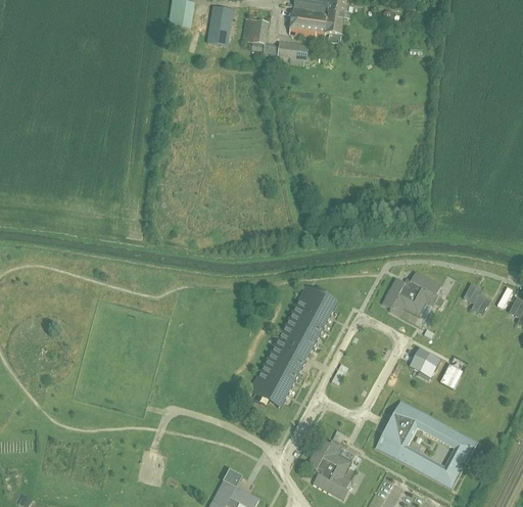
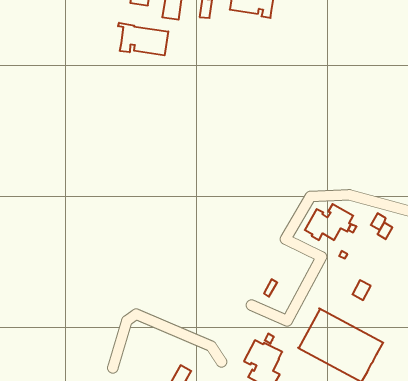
building: [277,41,307,60] -> none
building: none -> [118,23,168,55]
building: [254,290,335,406] -> none
building: [410,348,440,376] -> none

